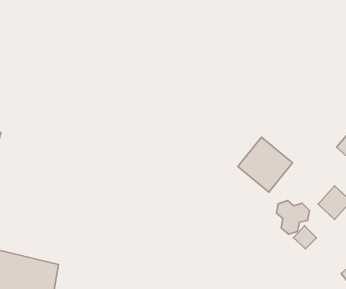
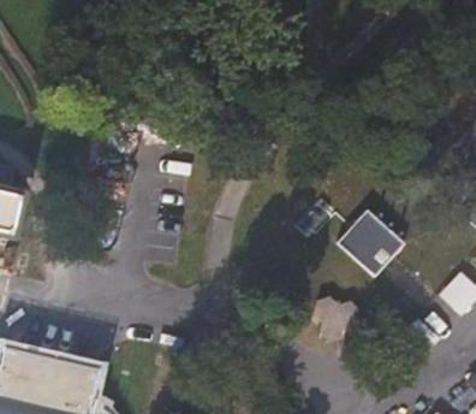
building: [276,200,309,234] -> [314,296,357,341]

